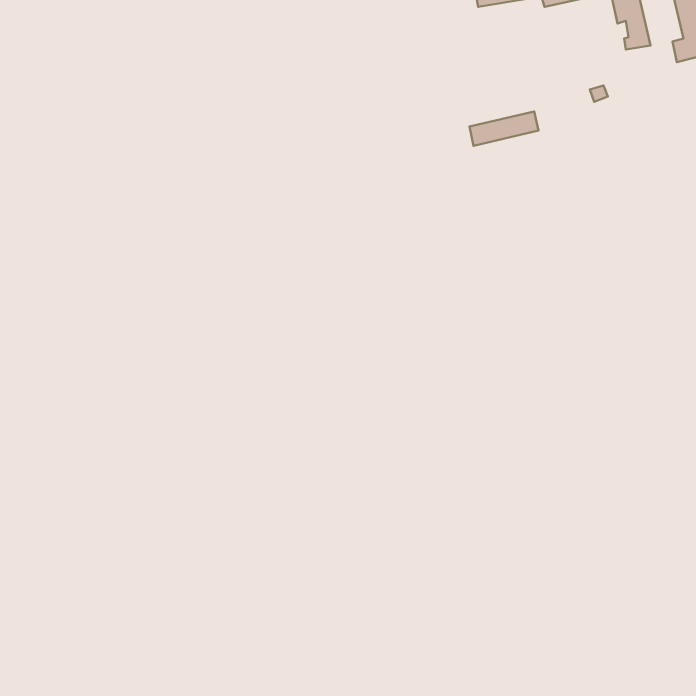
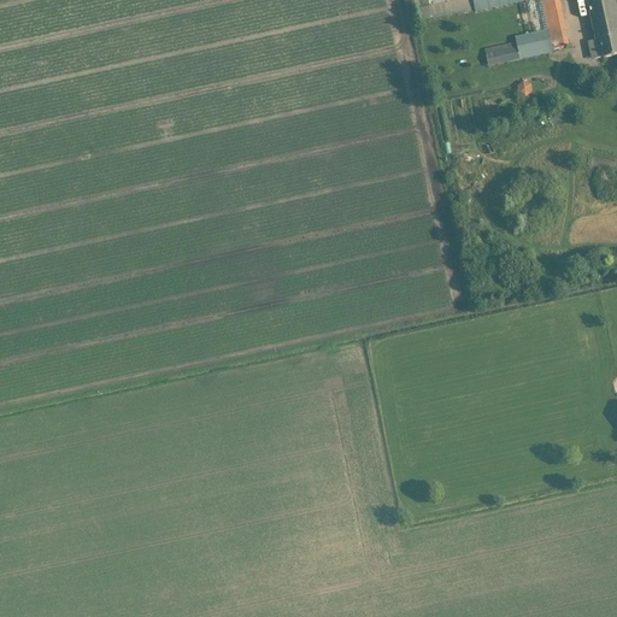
building: [469,111,538,146] -> [492,30,552,60]

